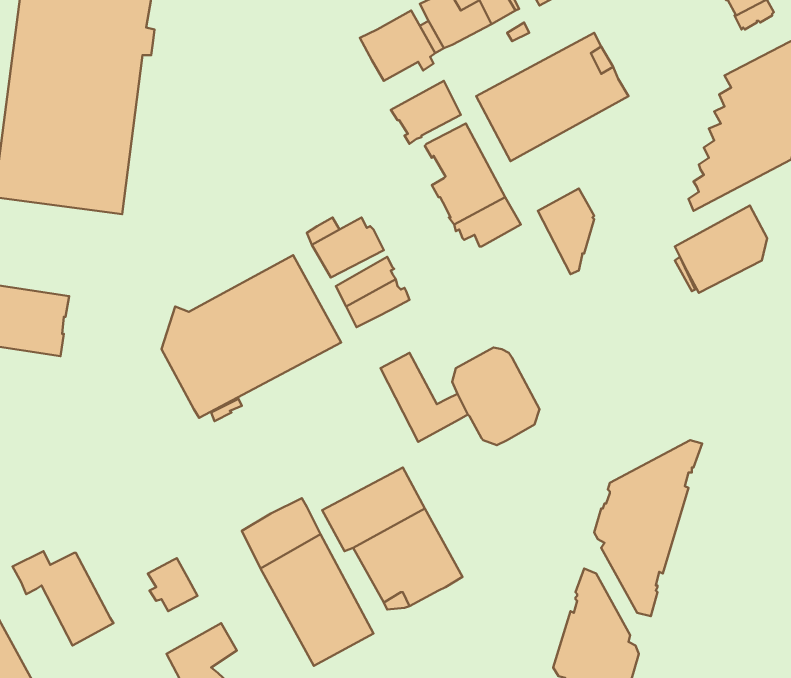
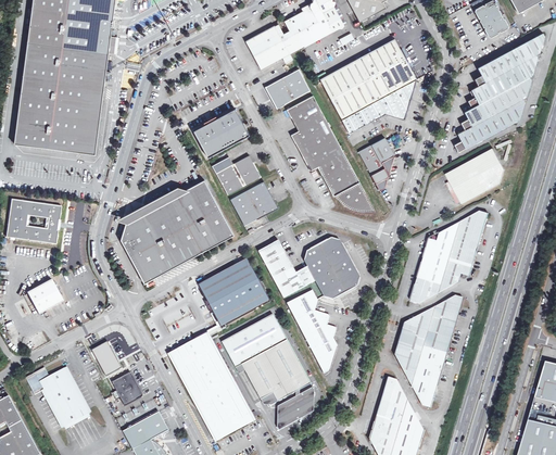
building: none -> [341,78,416,134]
building: none -> [193,108,250,156]
building: none -> [323,160,375,211]
building: none -> [410,211,488,303]
building: none -> [198,258,269,327]
building: none -> [26,278,62,313]
building: none -> [287,290,338,372]
building: none -> [91,341,121,375]
building: none -> [277,387,314,430]

